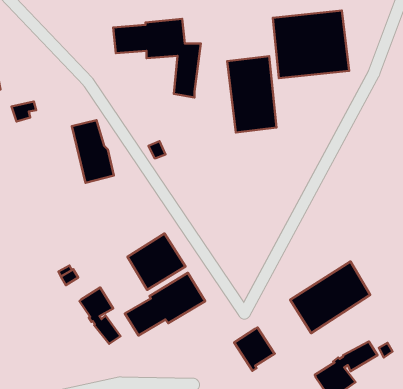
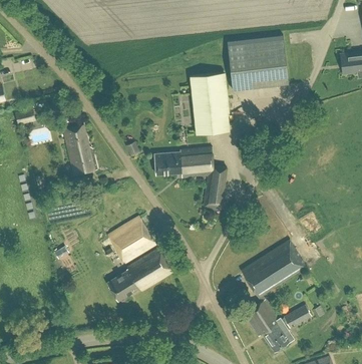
building: [113,19,201,98] -> [154,146,226,211]
building: [79,288,121,344] -> none
building: [234,328,275,371] -> [244,301,277,336]

